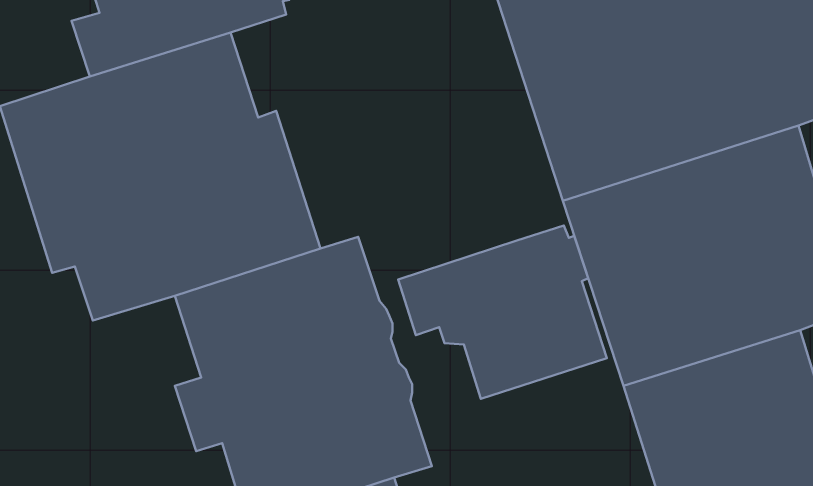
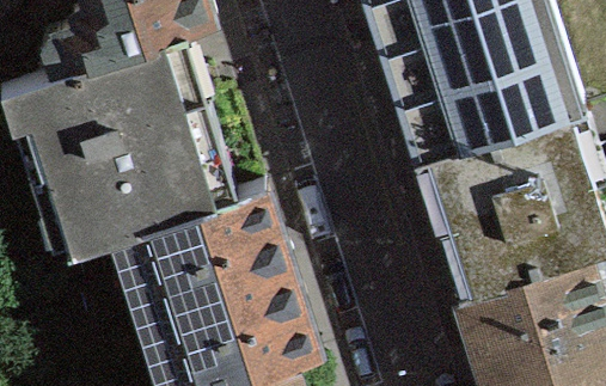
building: [398,225,607,399] -> none

